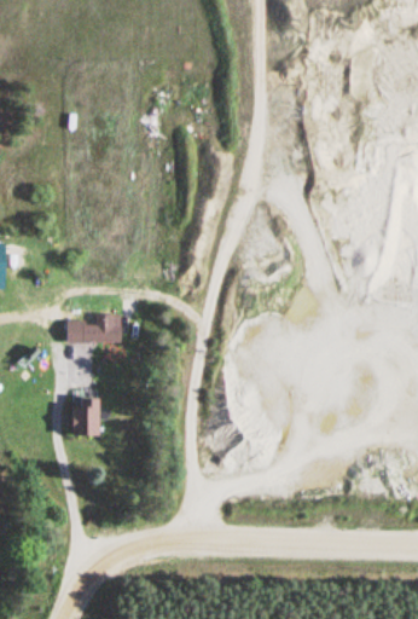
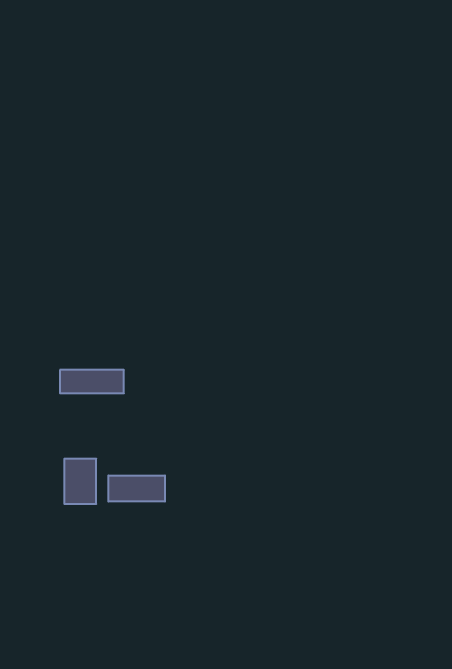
building: none -> [108,475,165,502]

